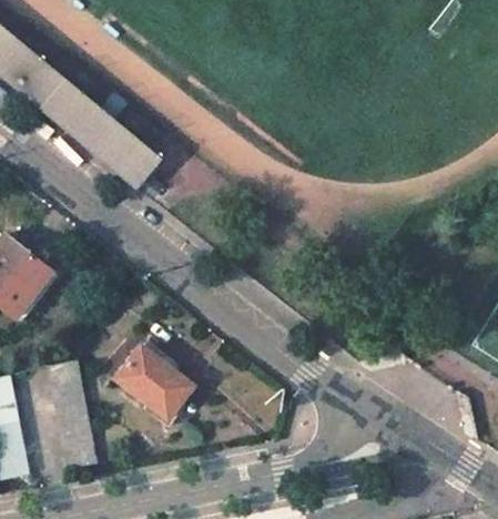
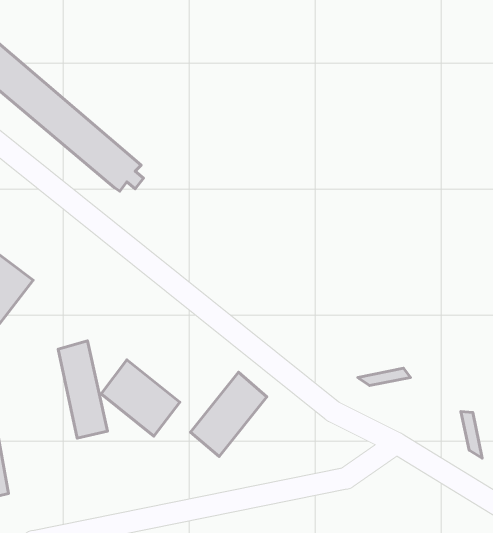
building: none -> [191,372,267,457]
building: [44,358,91,450] -> [58,341,108,438]

